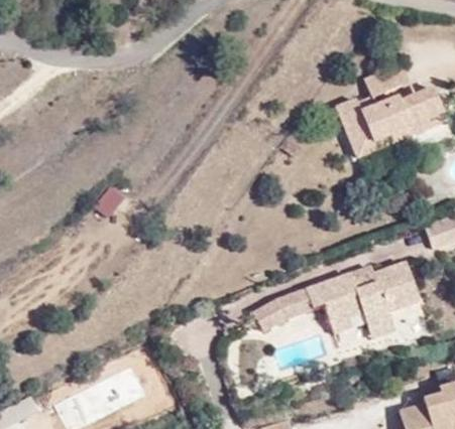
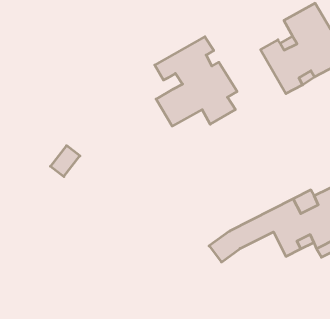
building: none -> [155,37,237,126]

